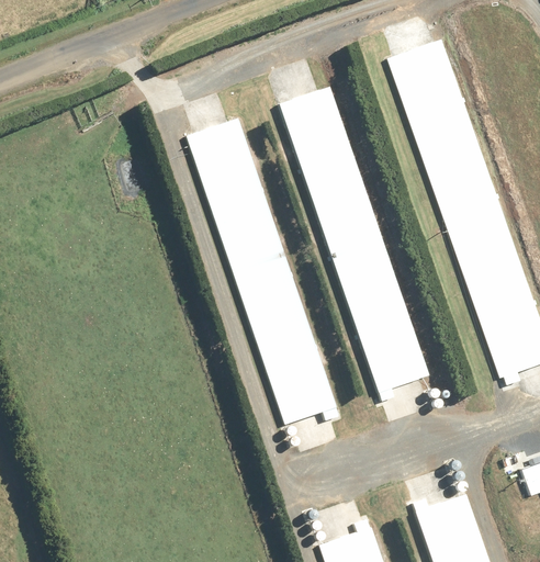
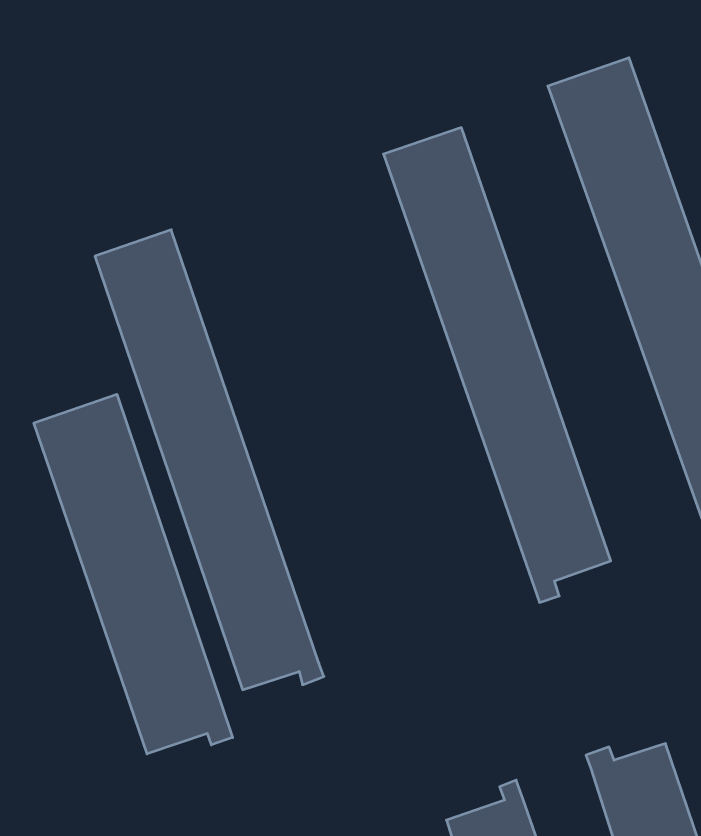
building: [188,120,339,424] -> [95,230,324,690]
building: none -> [34,394,233,754]

